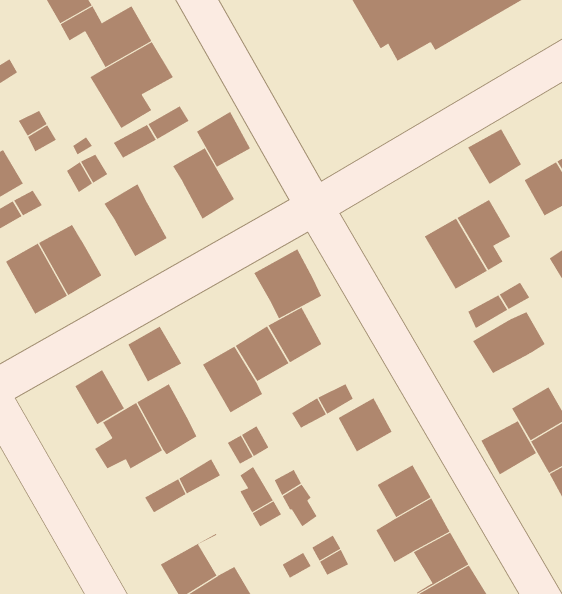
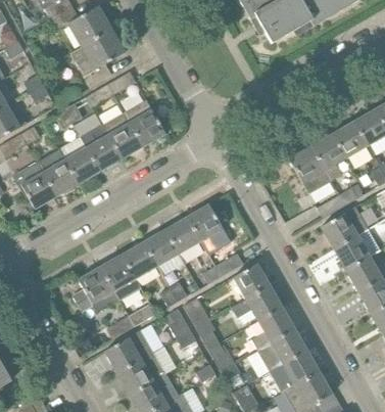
building: [196,111,251,167] -> [108,122,144,158]
building: [467,129,522,185] -> [332,121,368,157]
building: none -> [65,147,100,183]
building: [253,248,322,319] -> none
building: [127,326,182,382] -> [123,241,158,278]
building: [75,369,125,425] -> none
building: [481,420,537,475] -> [334,234,371,270]
building: none -> [234,285,282,320]
building: none -> [104,329,153,372]

